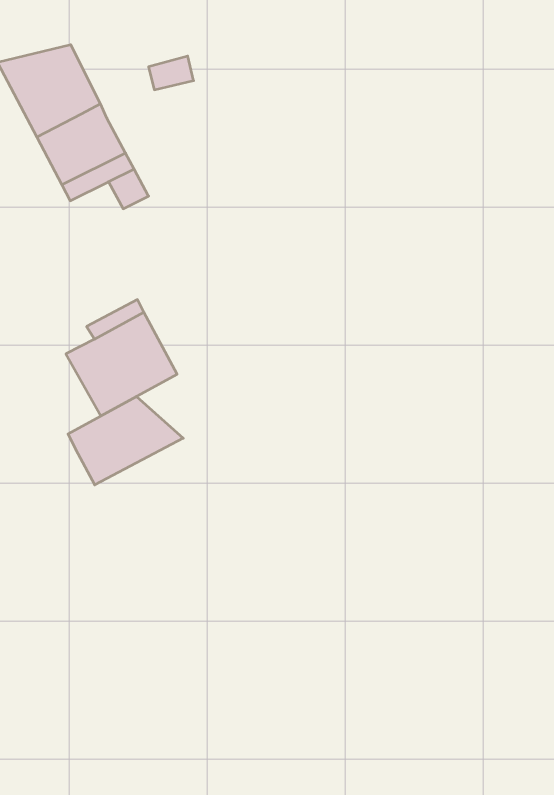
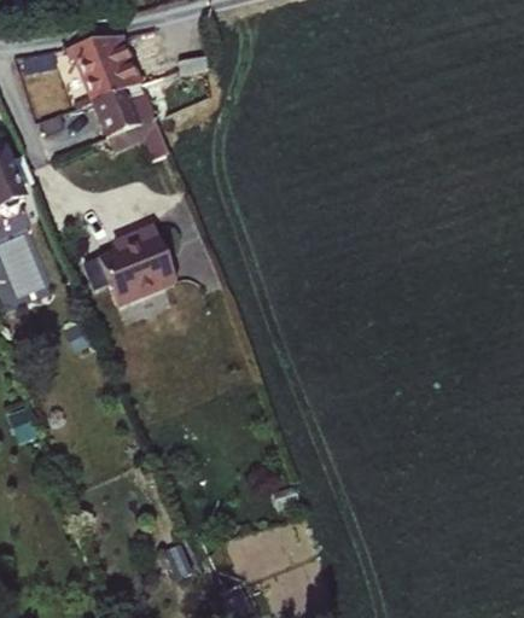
building: [68,396,183,485] -> none

